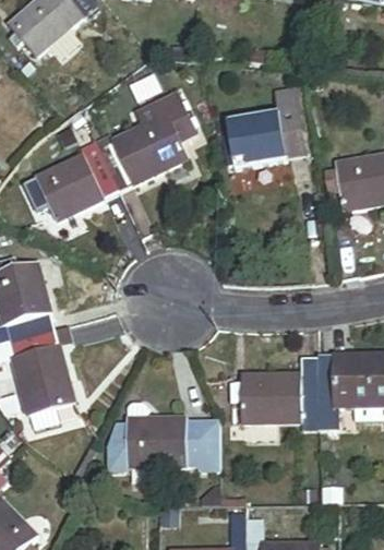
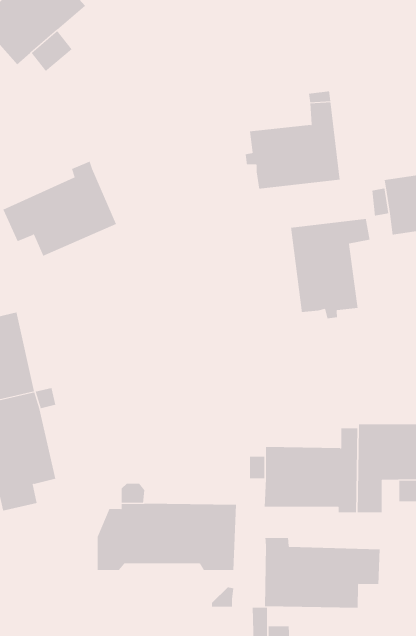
building: [101,98,196,193] -> none
building: none -> [291,218,370,319]
building: none -> [264,537,380,608]

